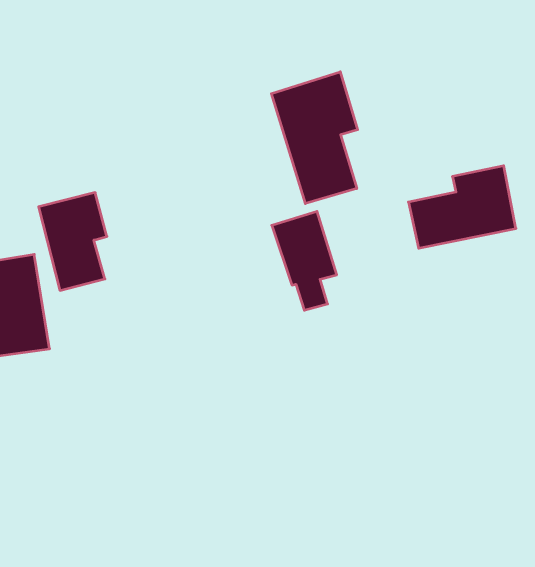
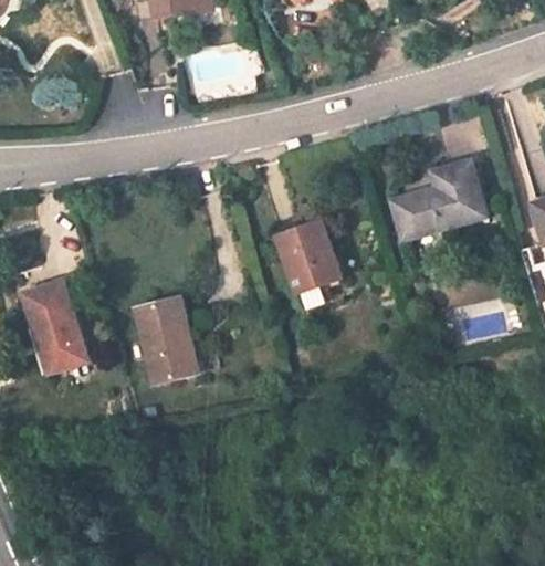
building: [271,72,358,204] -> none
building: [39,193,107,290] -> [128,295,193,385]

